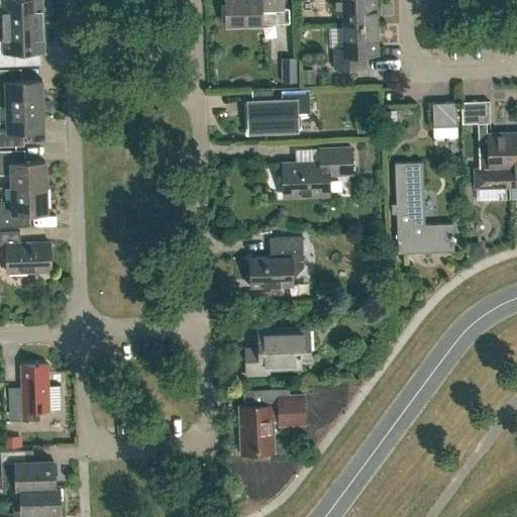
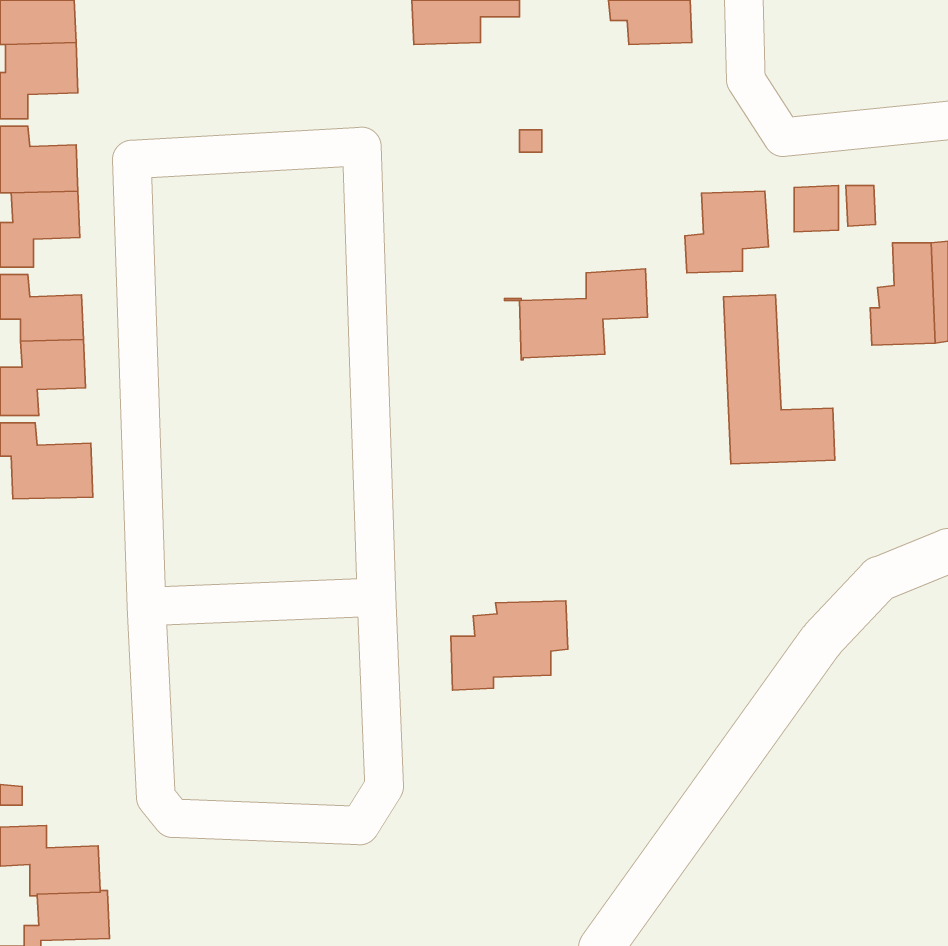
building: [333,24,379,69] -> [685,191,768,273]
building: [251,90,309,131] -> none
building: [248,236,303,287] -> none
building: [8,364,48,421] -> none
building: [239,389,304,451] -> none

